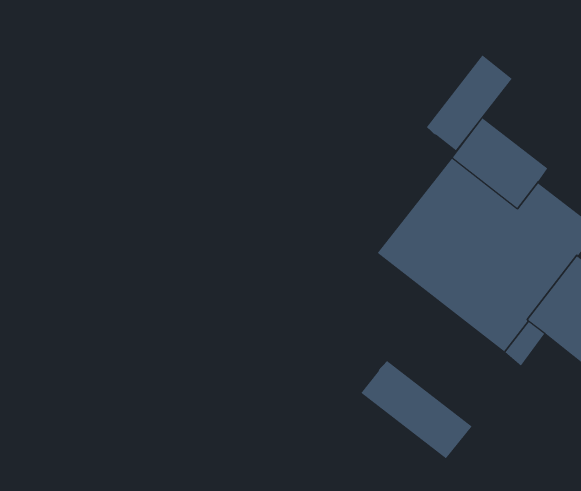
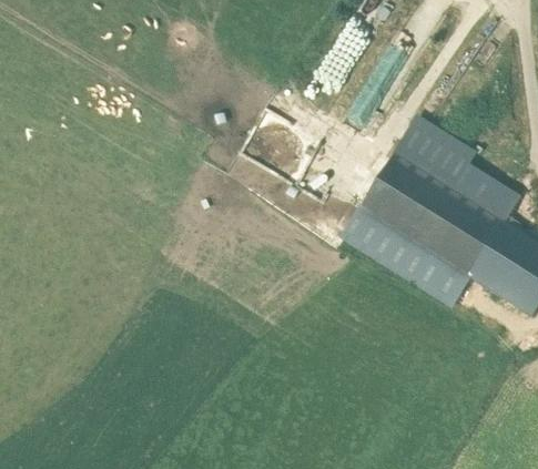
building: [426,55,512,151] -> none
building: [361,360,472,459] -> none

